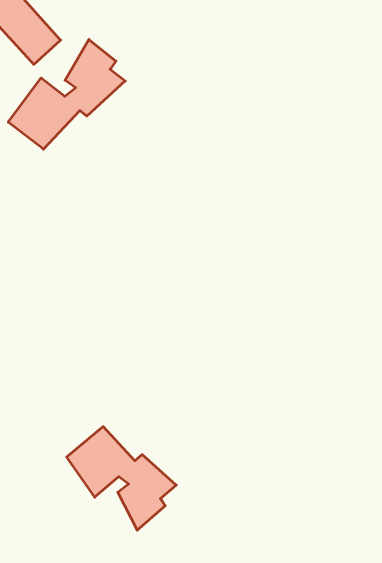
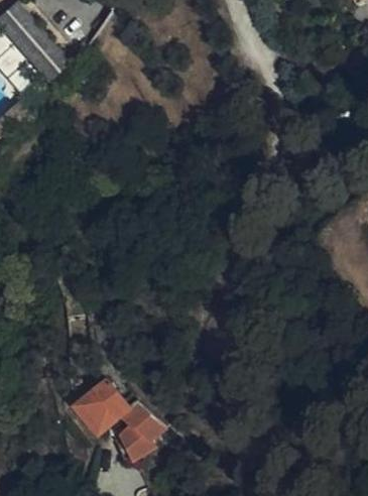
building: [8,39,125,149] -> none

